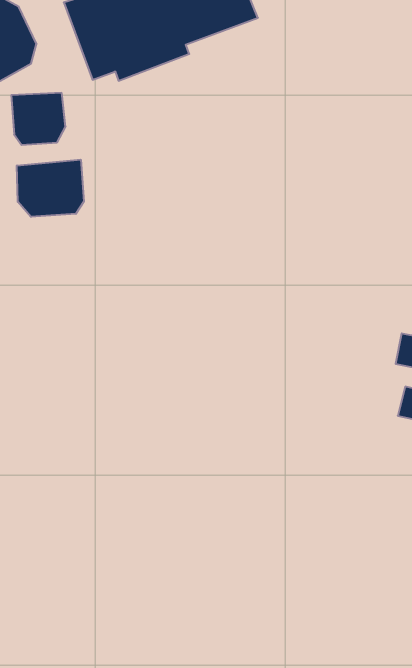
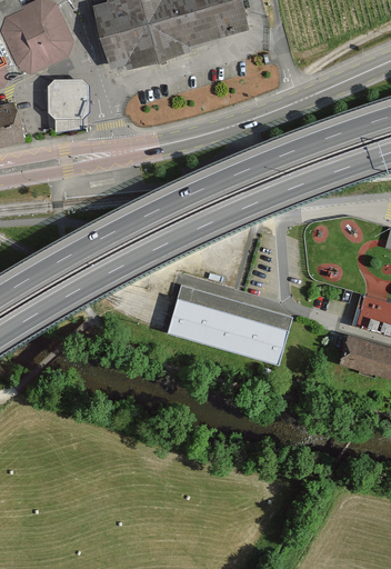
building: [17,160,84,217] -> none
building: none -> [167,282,293,363]

